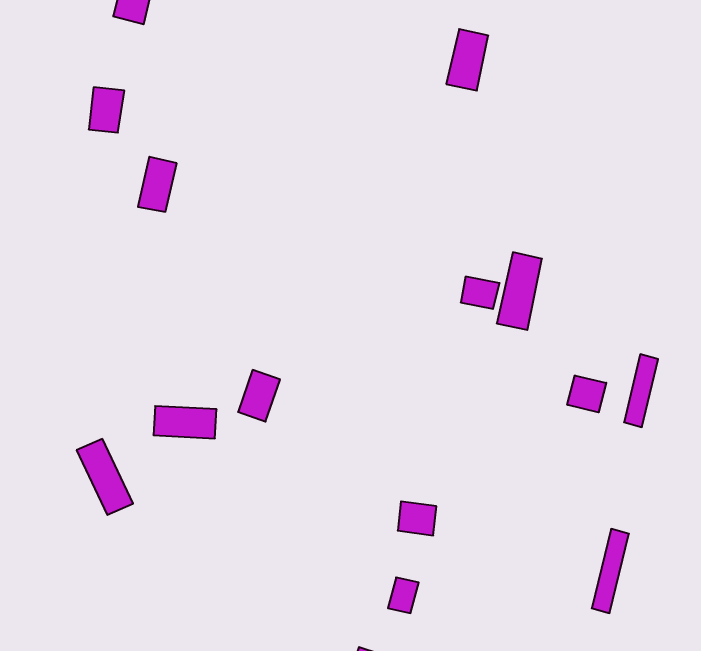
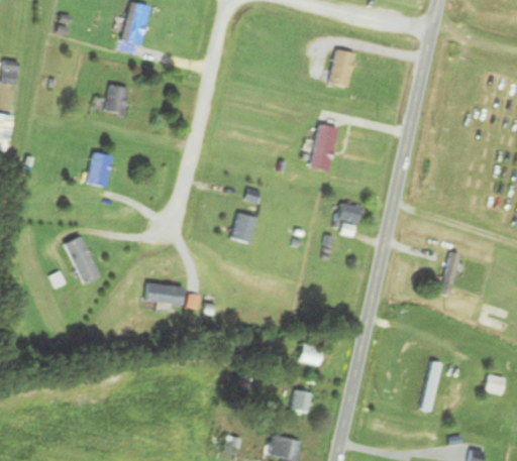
building: [138,157,177,212] -> [88,152,112,187]
building: [497,252,542,330] -> [310,123,338,171]
building: [238,370,280,422] -> [231,212,257,244]
building: [567,375,606,412] -> none
building: [77,439,133,515] -> [65,236,100,283]

